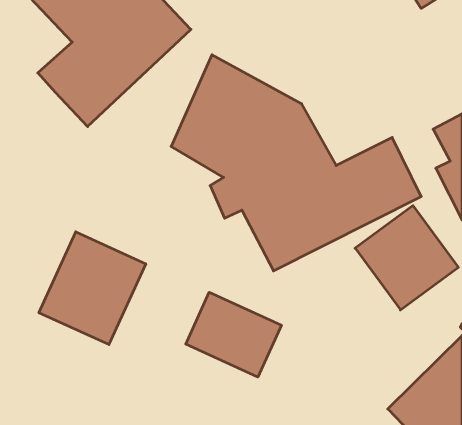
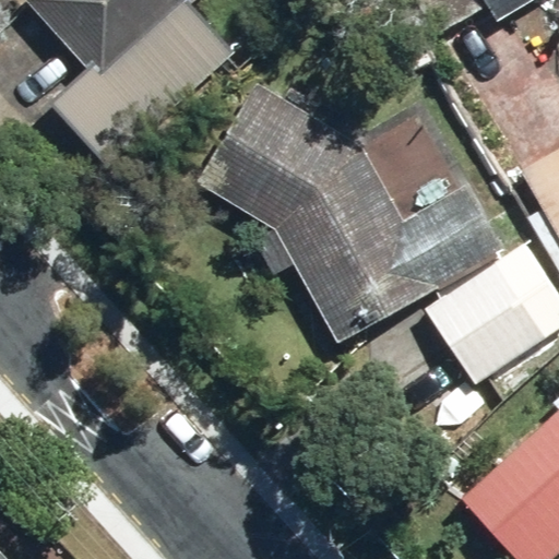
building: [39,232,146,345] -> none
building: [186,292,281,377] -> none

